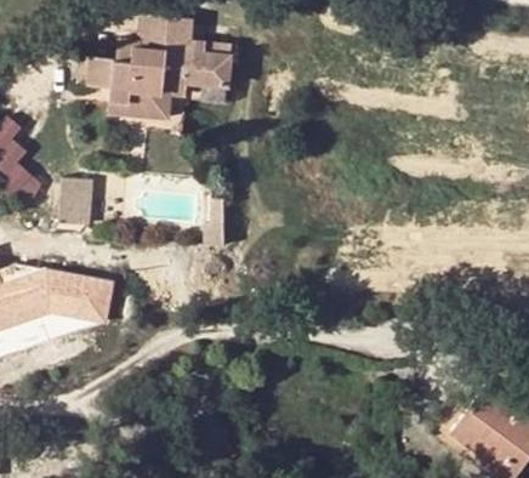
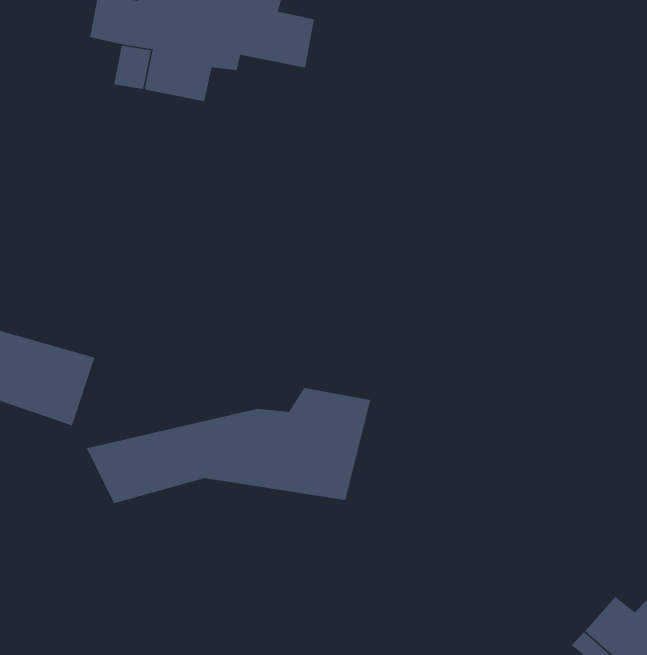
building: [58,177,93,222] -> none
building: none -> [86,387,371,504]

